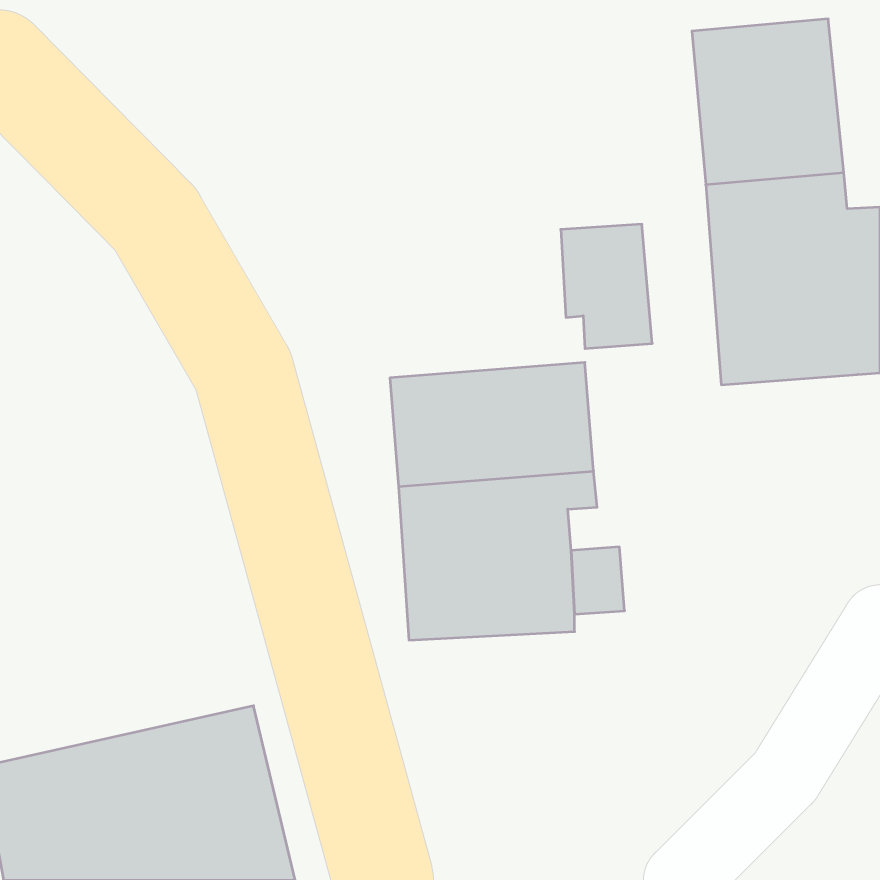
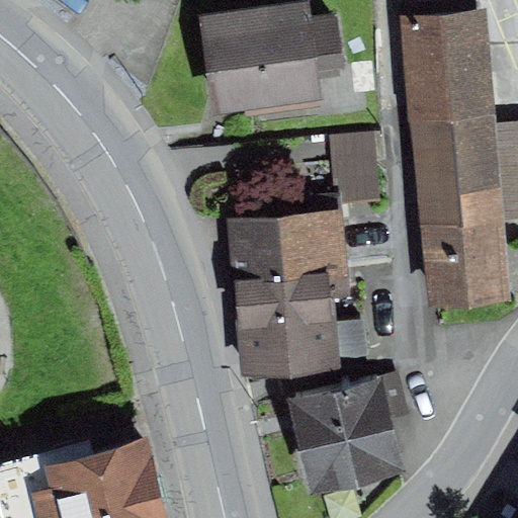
building: none -> [198,4,342,118]
building: none -> [423,220,508,309]
building: none -> [283,370,408,501]

